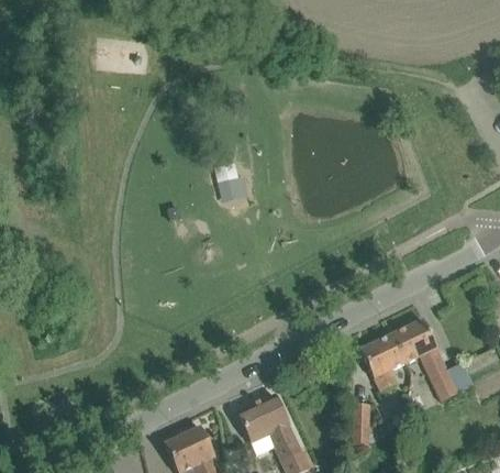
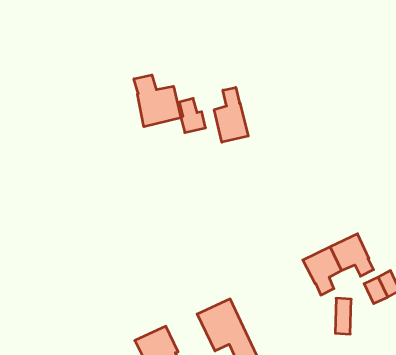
building: none -> [134,75,181,127]
building: none -> [214,87,248,142]
building: [349,403,368,444] -> [335,298,351,334]

